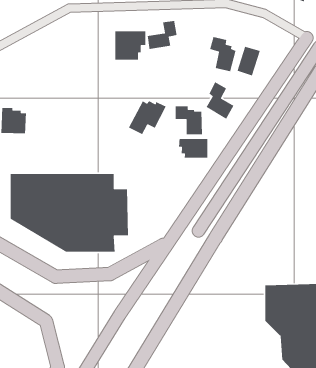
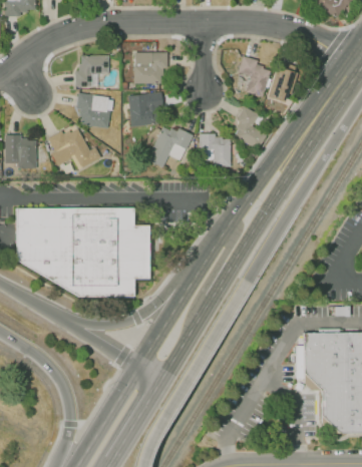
building: [147,20,178,50] -> [129,93,163,126]
building: none -> [76,54,110,87]
building: none -> [77,92,113,126]
building: none -> [49,130,104,171]
building: [178,138,208,159] -> none

